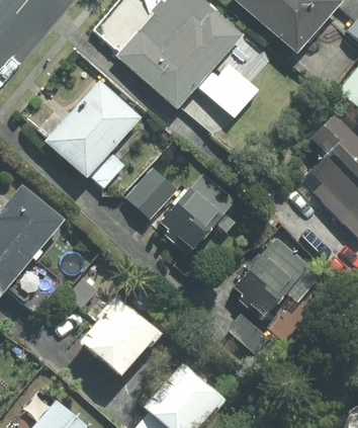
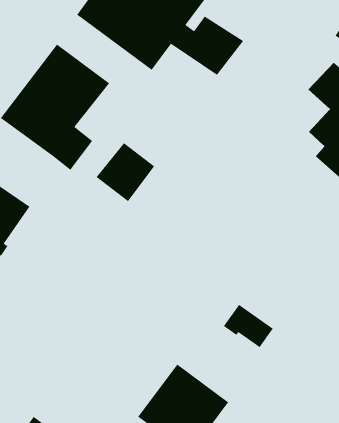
building: [160,173,235,255] -> none
building: [239,239,307,320] -> none
building: [82,294,162,375] -> none

